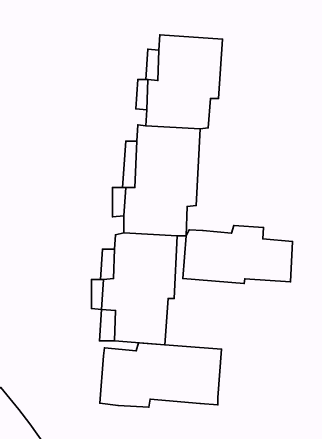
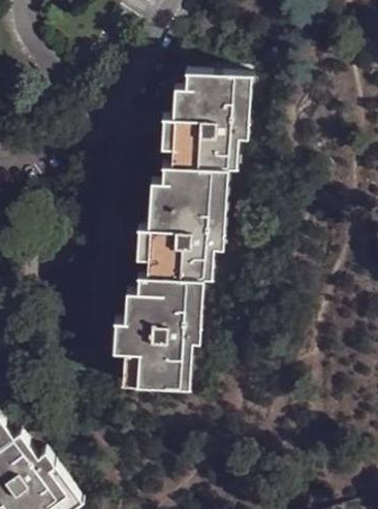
building: [183,225,293,284] -> none
building: [100,343,221,407] -> none

